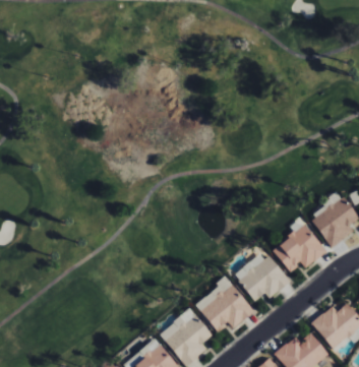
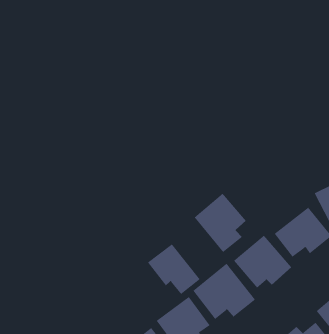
building: none -> [194,193,247,253]
building: none -> [147,244,200,295]

